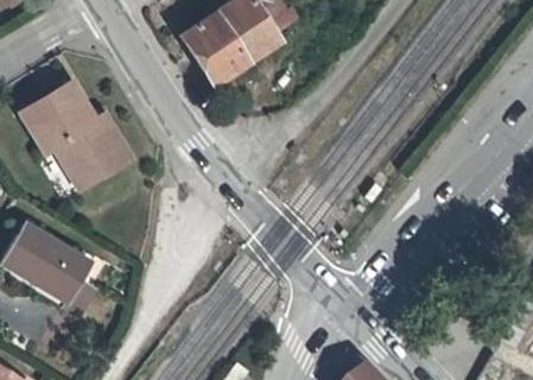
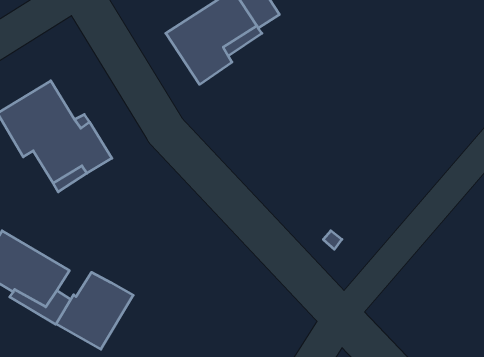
building: none -> [56,272,133,349]

